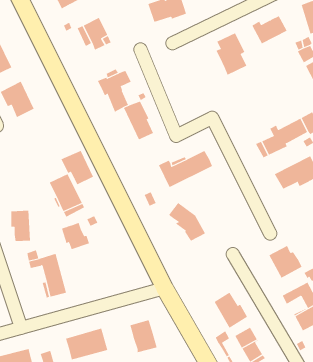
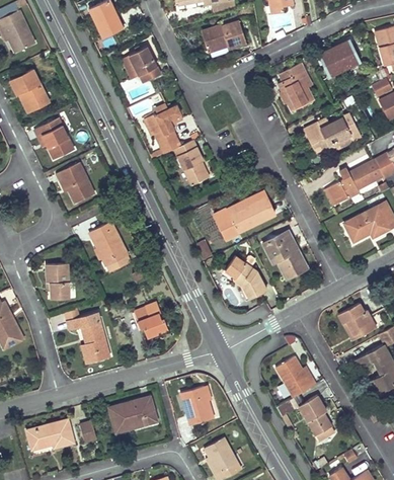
building: none -> [303,113,361,152]
building: [61,150,94,185] -> [56,163,93,203]
building: none -> [261,231,307,278]
building: [61,222,90,250] -> [135,304,167,335]

